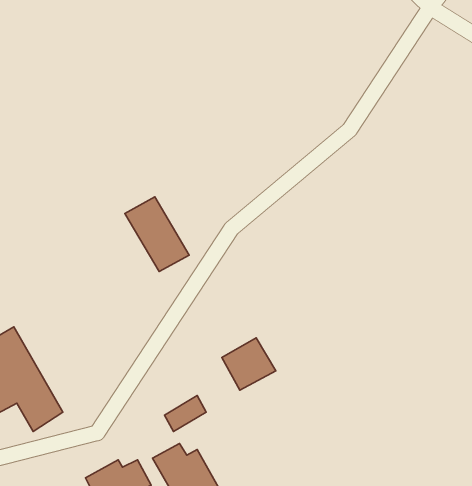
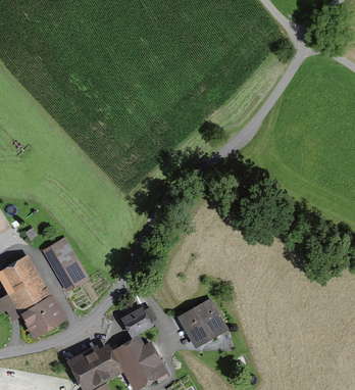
building: [125,197,189,272] -> [43,238,87,289]
building: [222,338,276,390] -> [184,303,220,339]

